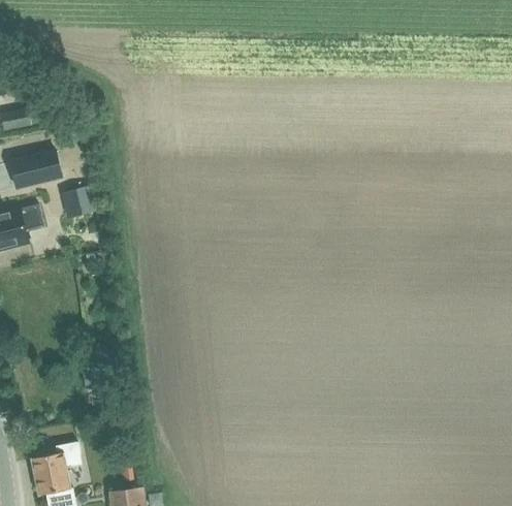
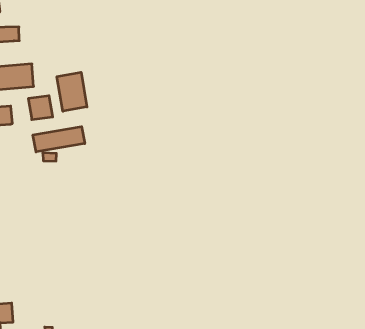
building: none -> [57,72,87,111]
building: none -> [33,127,85,152]

